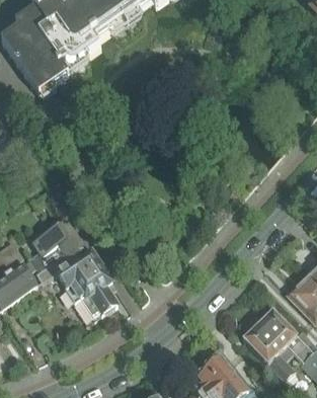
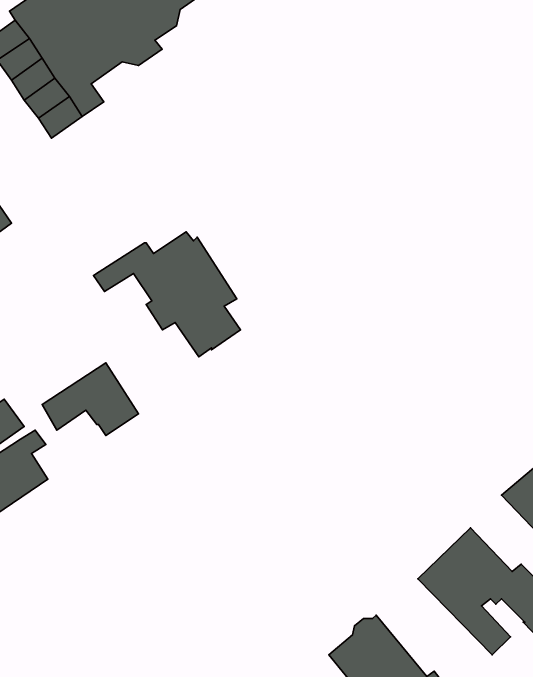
building: [35,246,117,316] -> [94,232,241,357]

